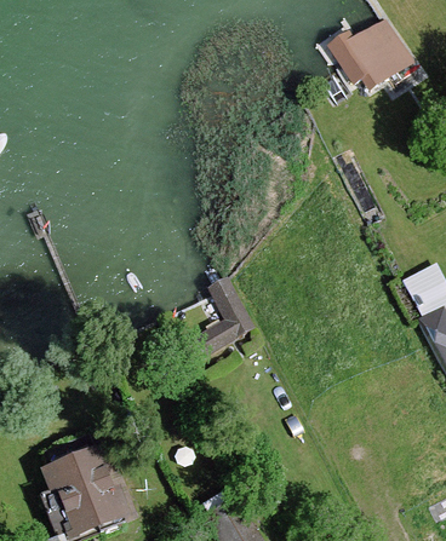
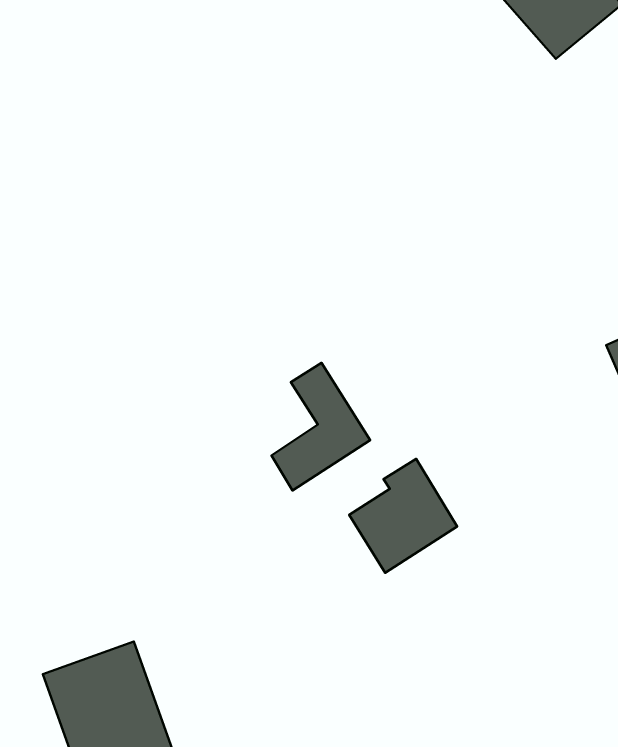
building: none -> [349,459,457,573]

